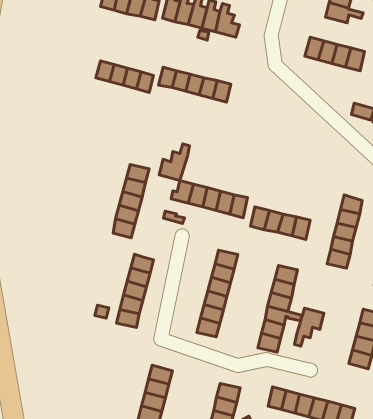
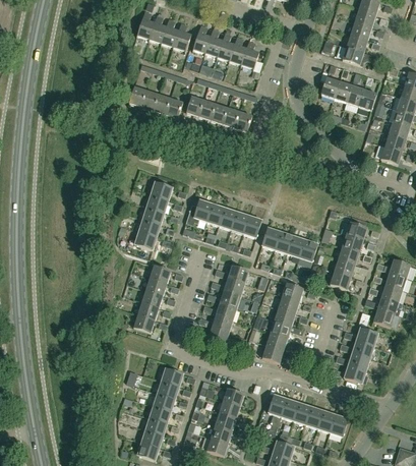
building: [159,144,190,180] -> none
building: [295,308,324,346] -> none

